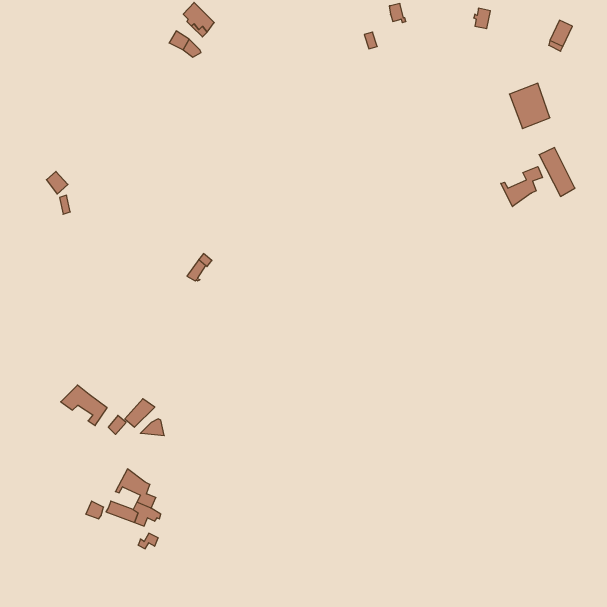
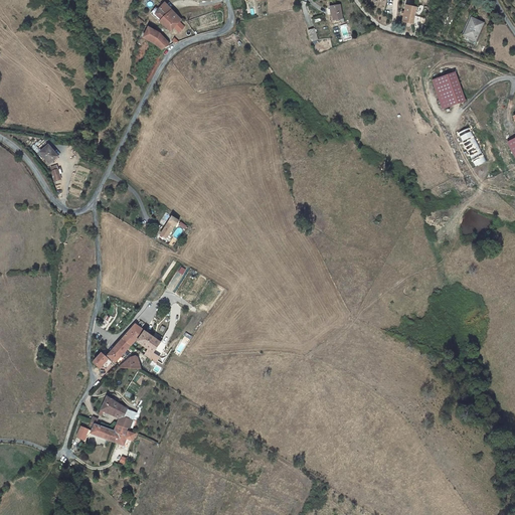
building: [501,167,542,207] -> none
building: [61,385,107,426] -> [121,323,160,357]

